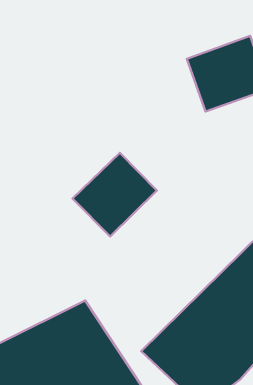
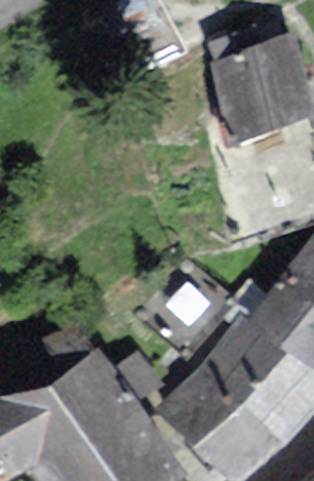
building: [72,153,157,236] -> none

